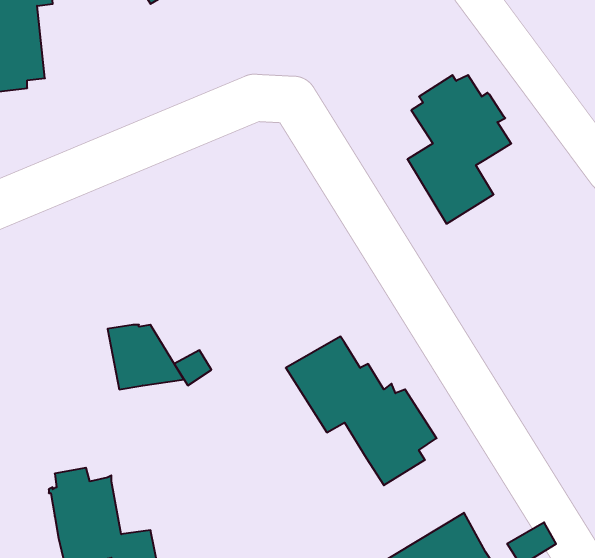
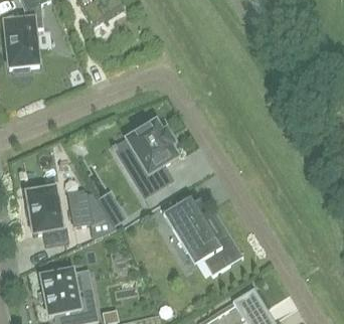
building: [407,75,511,224] -> [125,122,178,198]
building: none -> [26,184,69,246]

